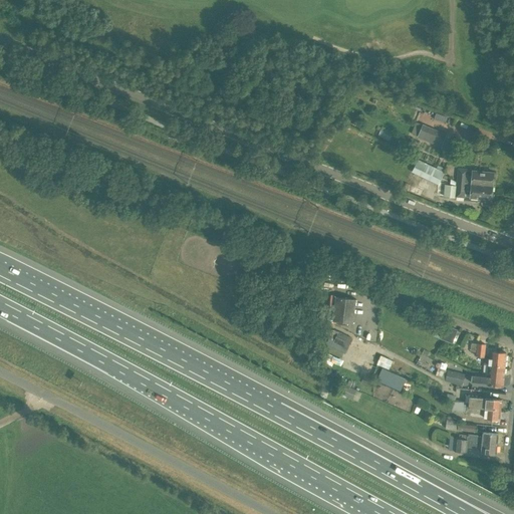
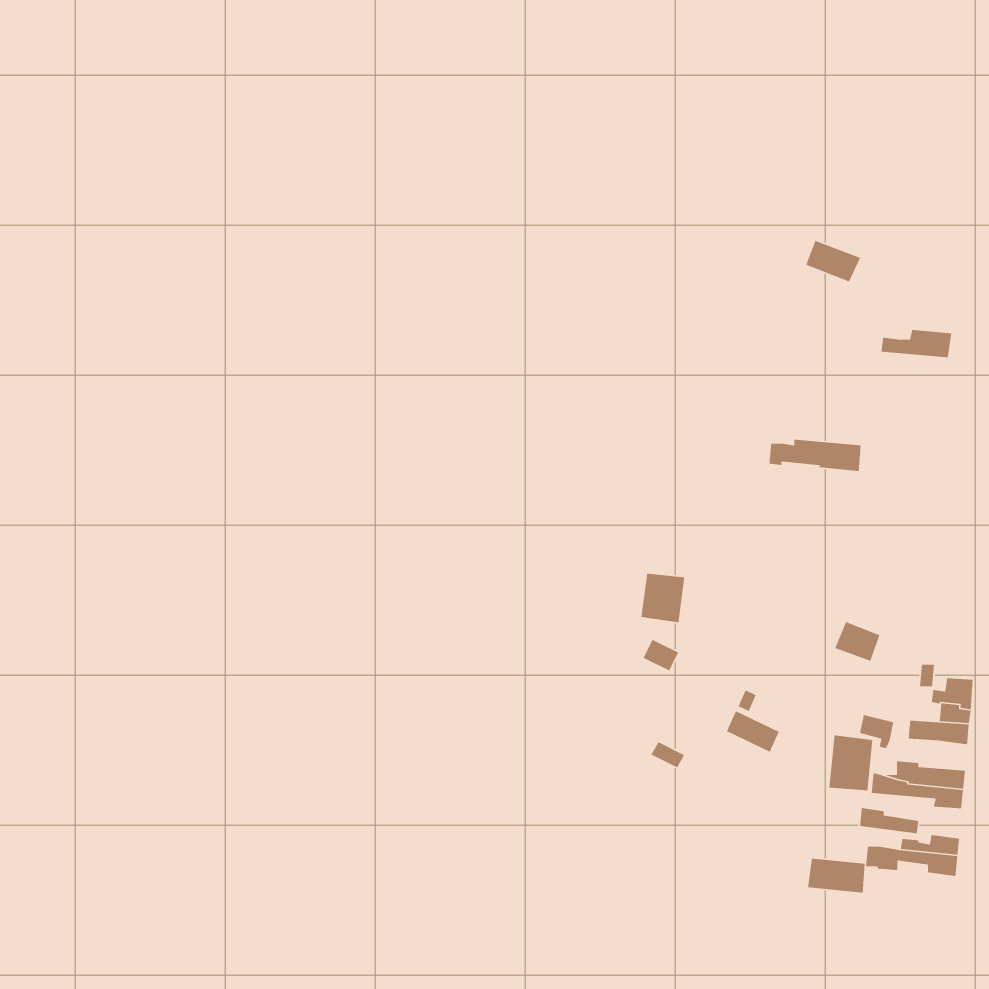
building: [412,159,445,185] -> none
building: [444,183,492,200] -> [769,439,861,472]
building: none -> [828,734,873,791]
building: none -> [807,858,865,893]

